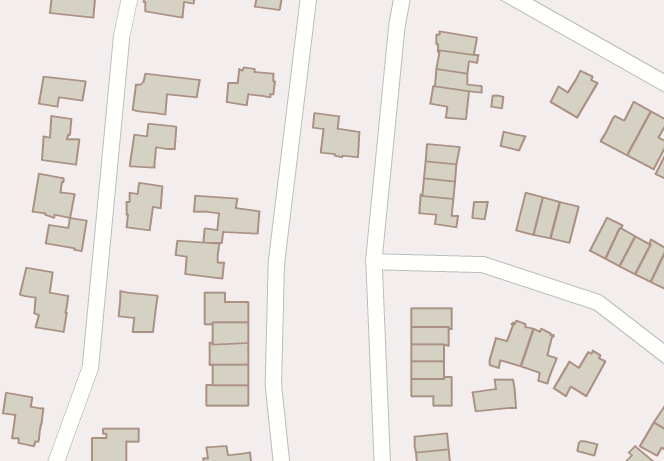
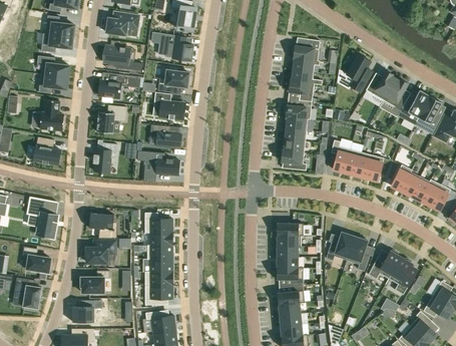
building: none -> [151,32,192,61]
building: none -> [37,33,73,53]
building: none -> [103,47,142,73]
building: none -> [347,55,372,92]
building: none -> [37,56,69,78]
building: none -> [383,79,408,111]
building: [313,113,360,157] -> [154,92,184,120]
building: none -> [285,101,312,120]
building: none -> [331,140,350,174]
building: [46,218,87,251] -> none
building: [176,241,224,278] -> [150,125,181,149]
building: none -> [85,241,115,266]
building: none -> [23,248,51,273]
building: none -> [389,258,417,296]
building: [472,380,516,411] -> [277,286,305,306]
building: none -> [79,272,109,295]
building: none -> [145,286,172,306]

